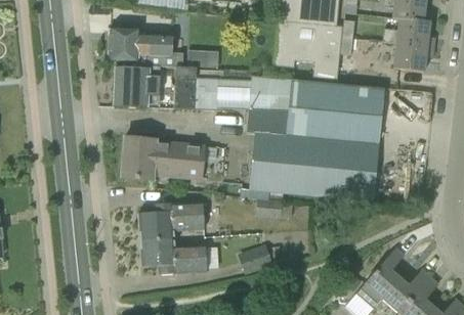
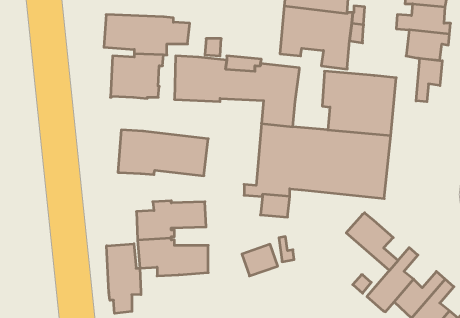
building: none -> [416,58,442,102]
building: [286,80,321,137] -> none
building: none -> [346,213,398,270]
building: none -> [107,244,141,313]

